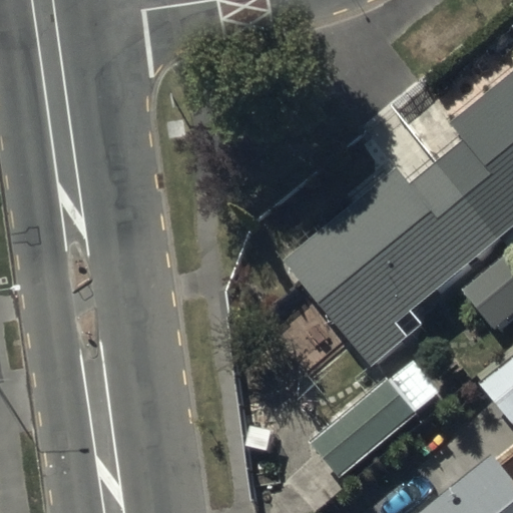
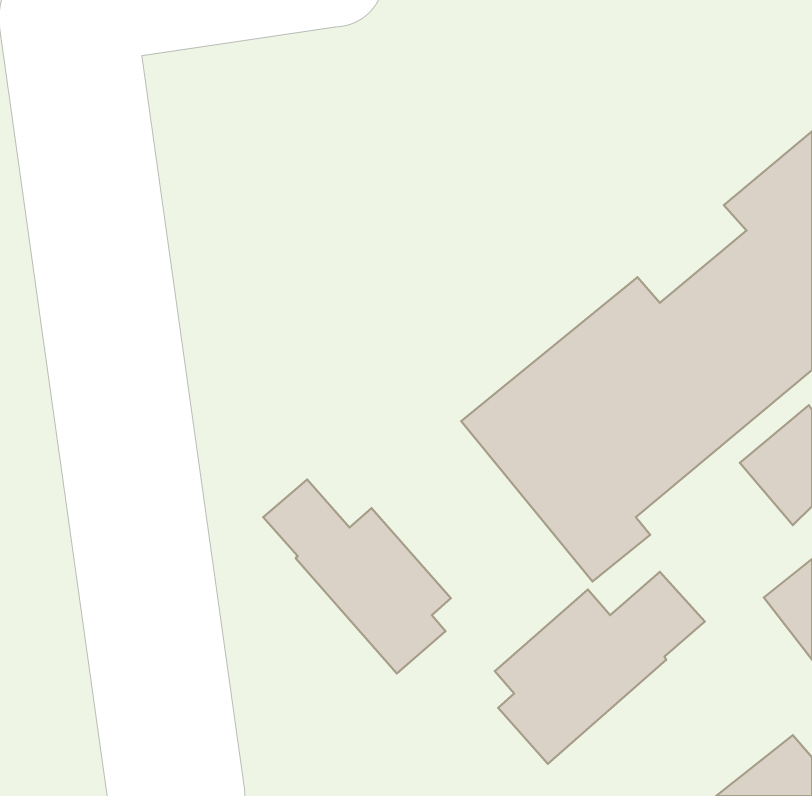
building: none -> [263,480,451,673]

